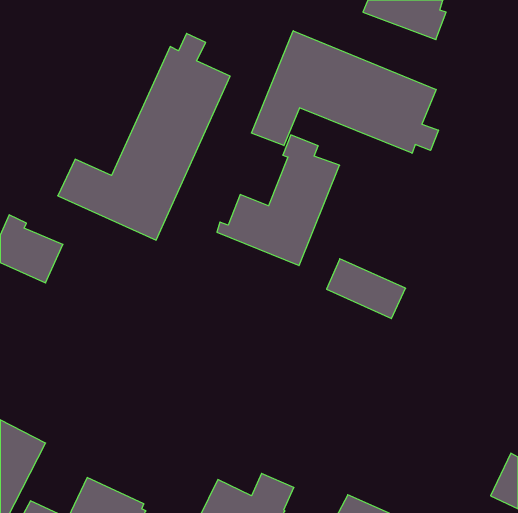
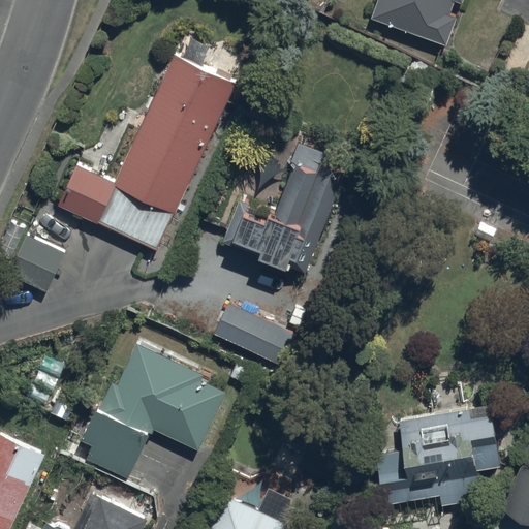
building: [252,31,438,153] -> none
building: [327,259,406,319] -> [214,304,294,365]
building: none -> [80,344,224,479]
building: none -> [374,404,501,508]

